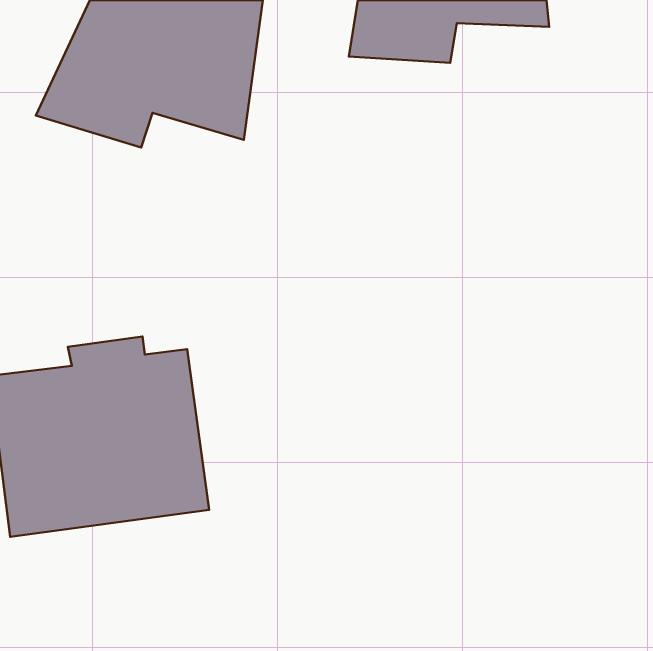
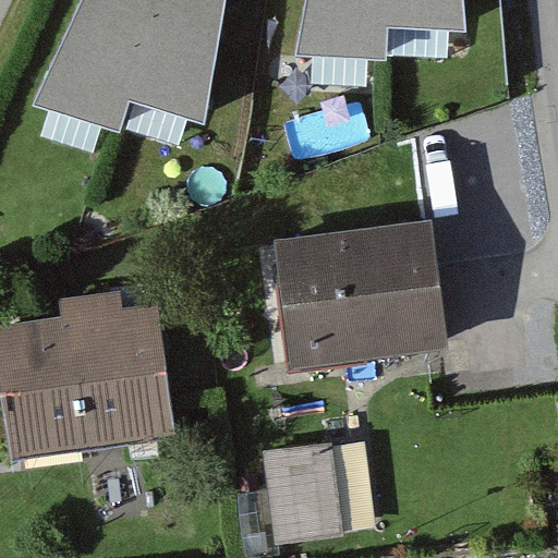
building: none -> [276,219,449,366]
building: none -> [262,444,343,545]

